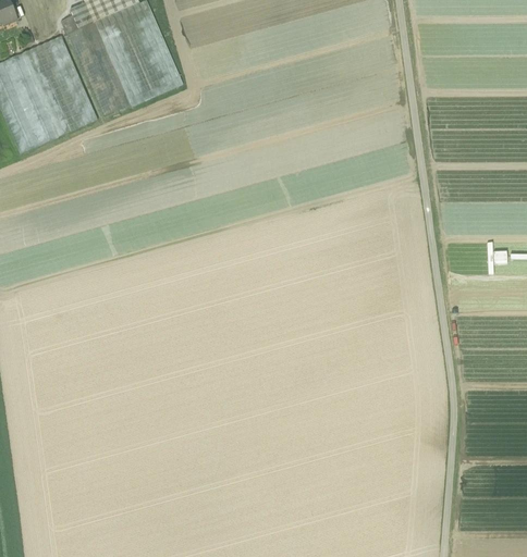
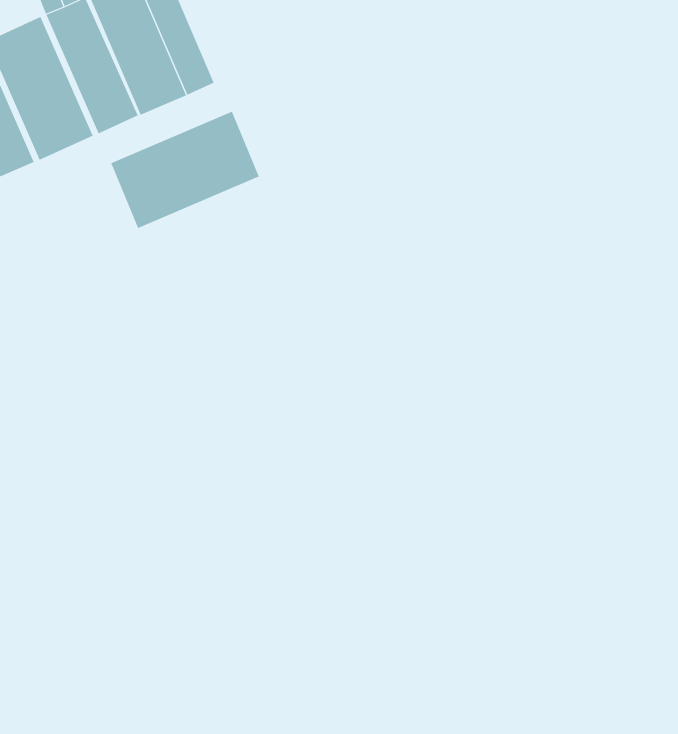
building: none -> [110,111,260,229]

